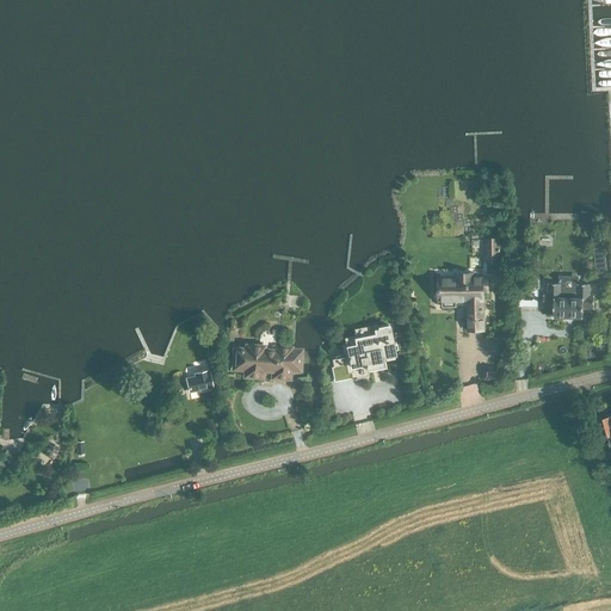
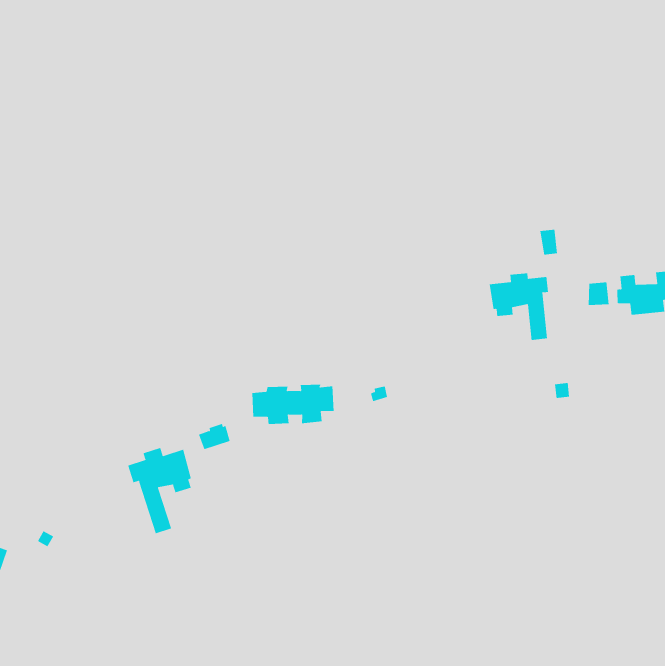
building: [346,323,396,377] -> none
building: none -> [127,447,192,534]

